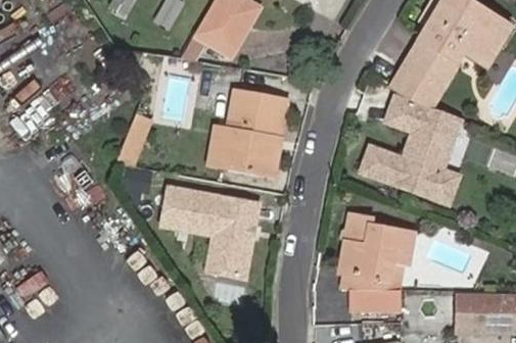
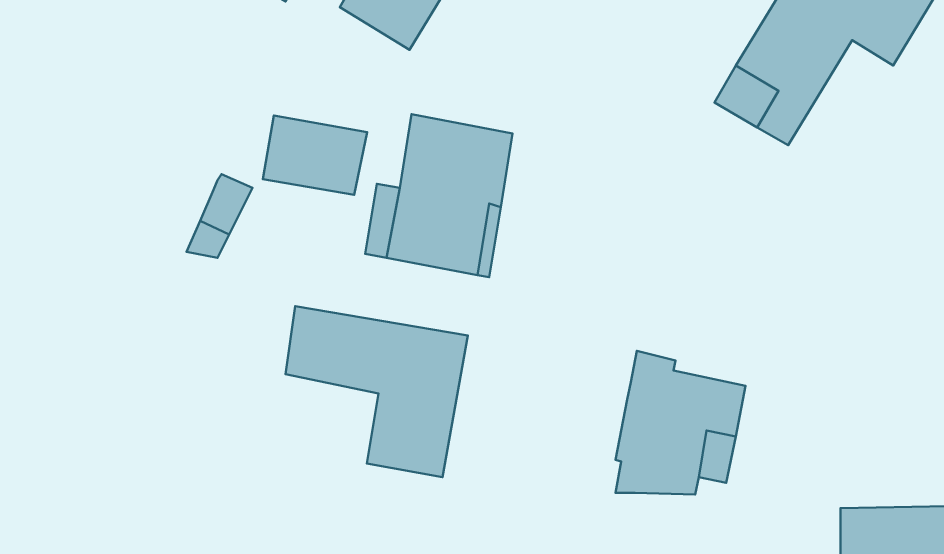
building: none -> [263,116,367,195]
building: [358,91,464,205] -> none
building: [350,288,401,311] -> none

